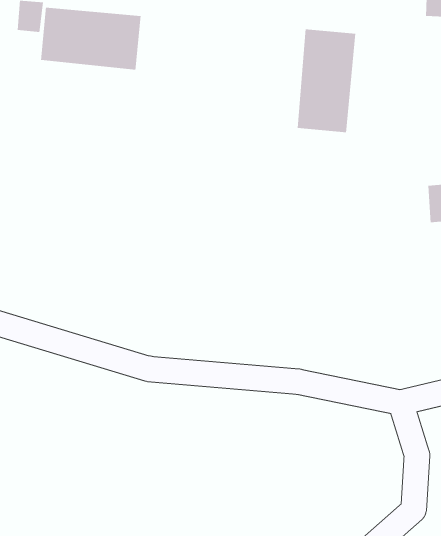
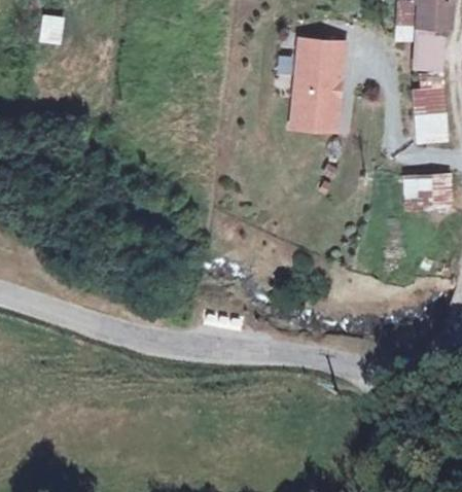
building: [40,7,141,71] -> none

